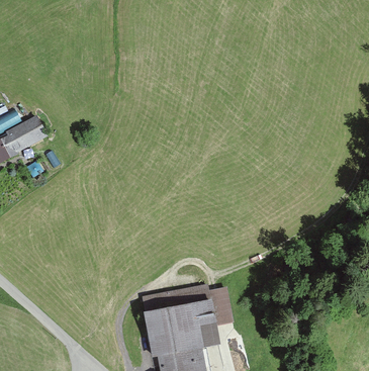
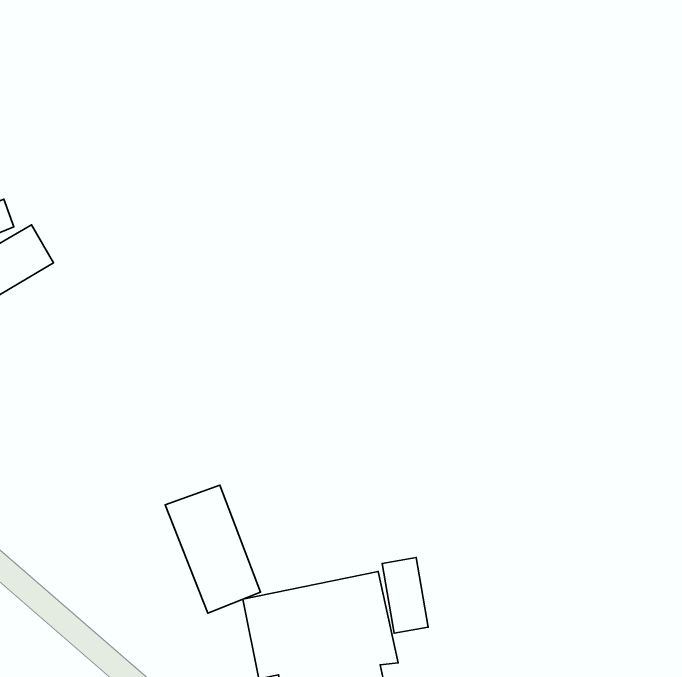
building: none -> [165,485,261,613]

